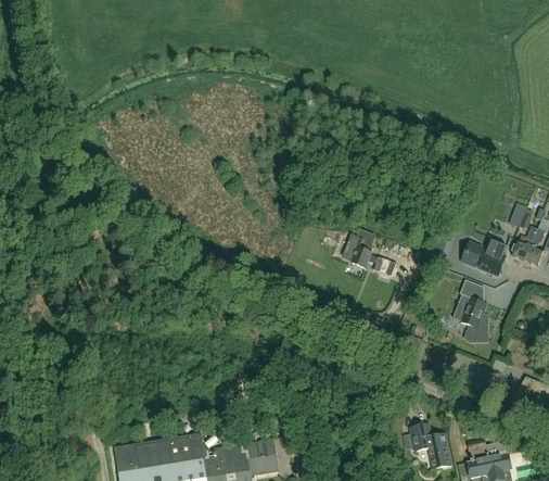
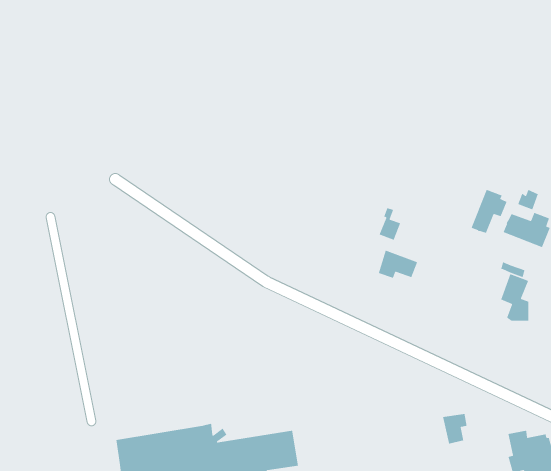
building: none -> [471,189,509,234]
building: none -> [378,249,418,279]
building: [424,433,450,469] -> none

